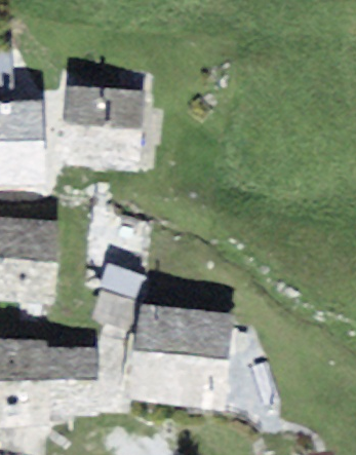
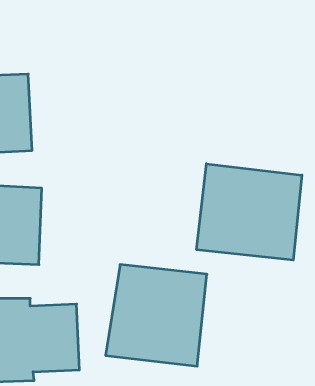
building: [60,85,144,168] -> none
building: none -> [197,164,302,260]

